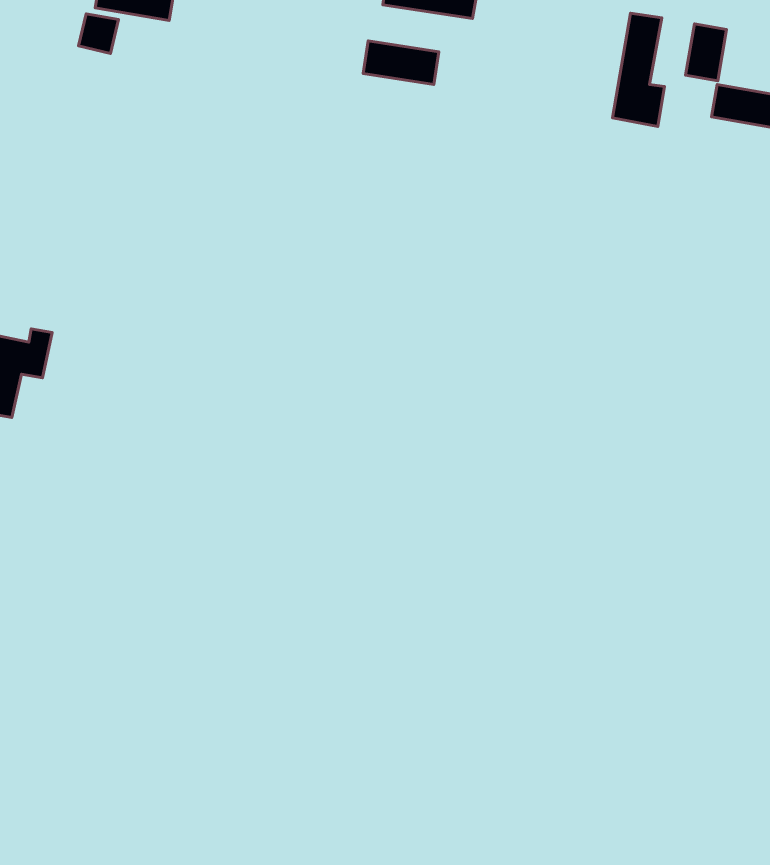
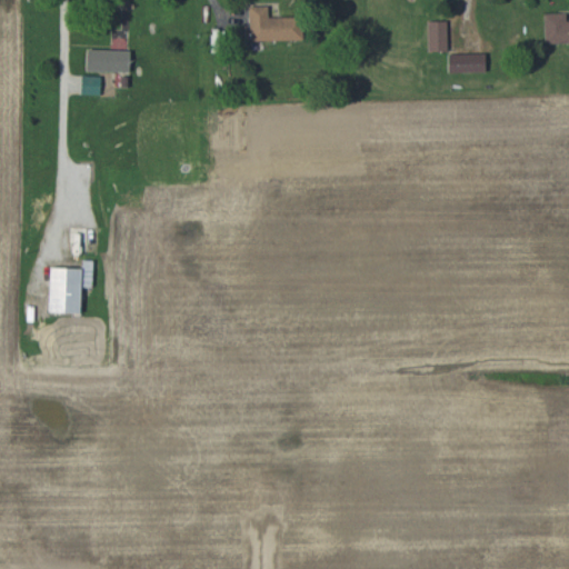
building: [612,13,664,127] -> none
building: [363,41,439,84] -> none

